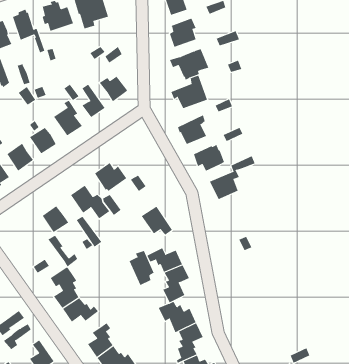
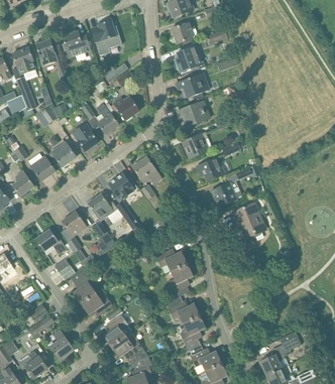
building: none -> [232,203,265,237]
building: [141,206,173,235] -> [132,157,160,183]
building: none -> [34,230,67,255]
building: [129,250,155,286] -> none

